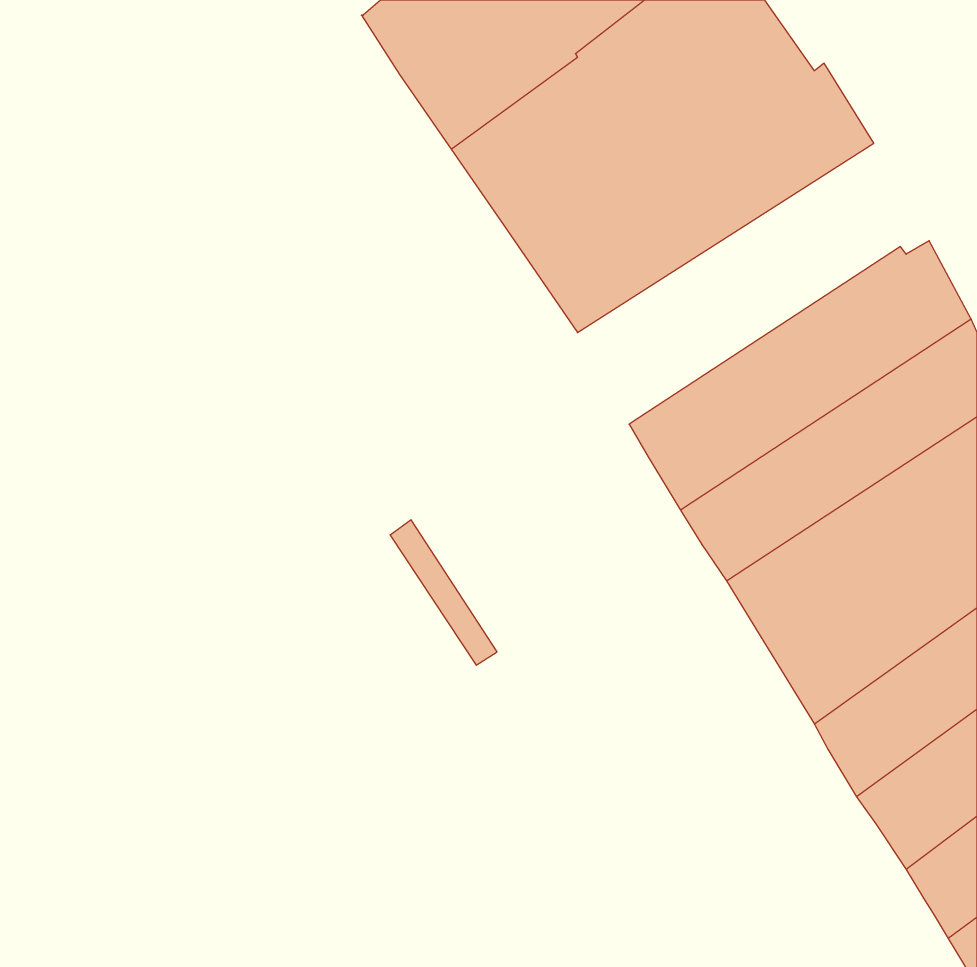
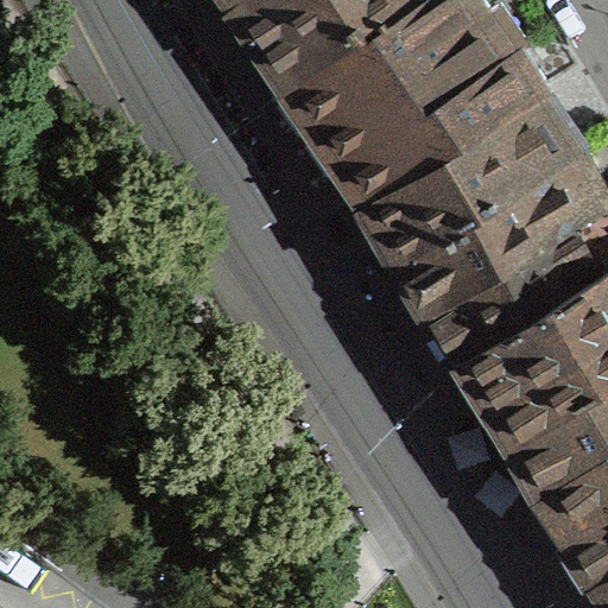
building: none -> [359,94,583,270]

